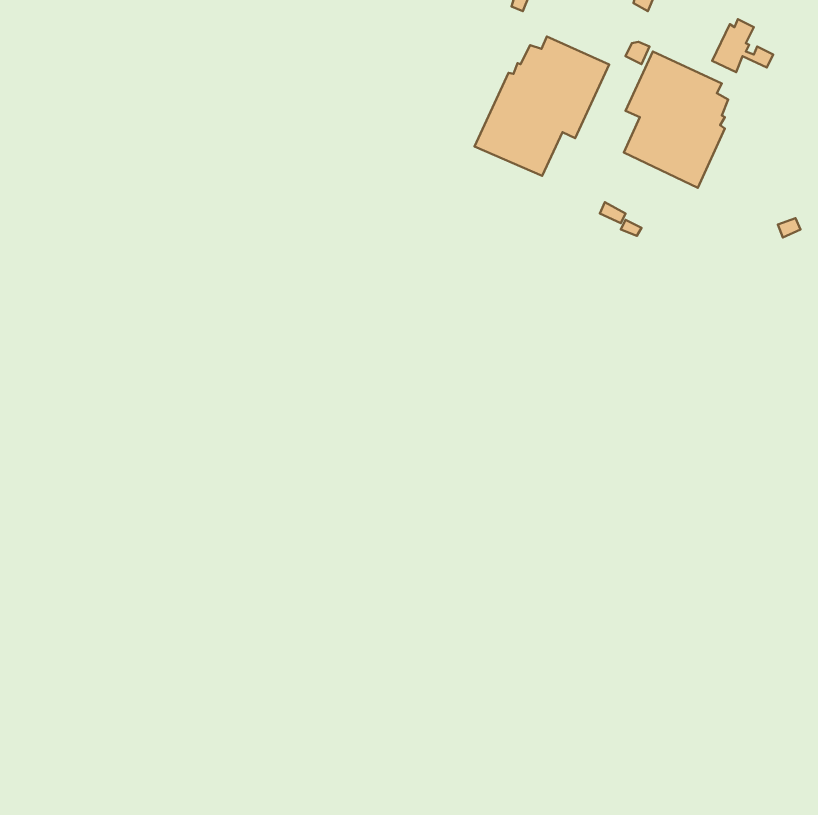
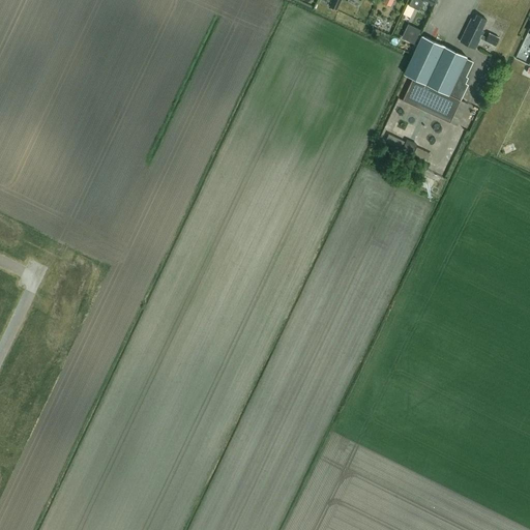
building: [475,36,609,176] -> none

